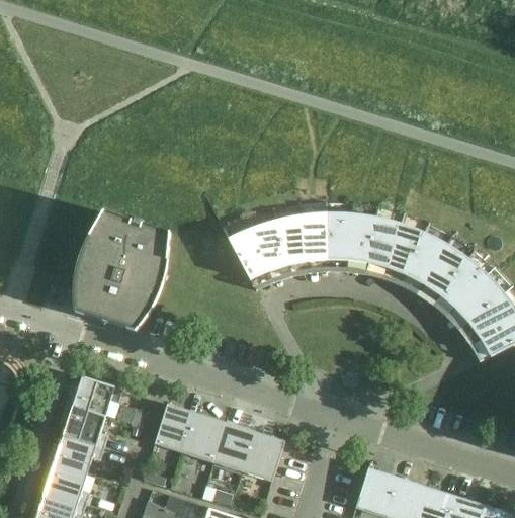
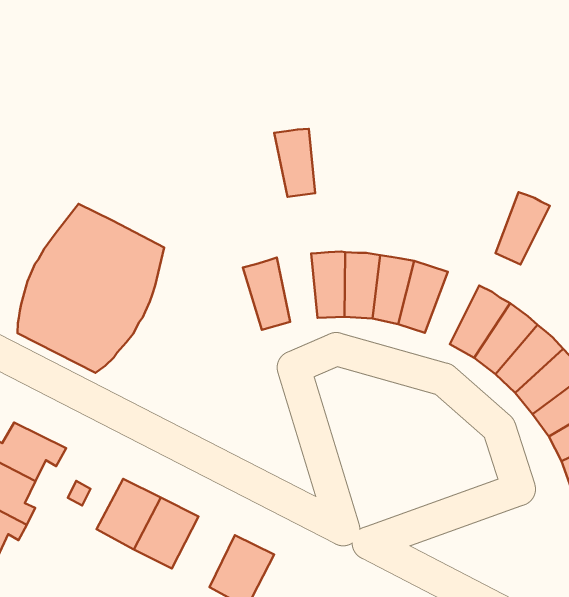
building: [366,217,400,268] -> [496,192,550,264]
building: [251,220,287,271] -> [274,129,315,197]
building: [212,422,254,471] -> none

